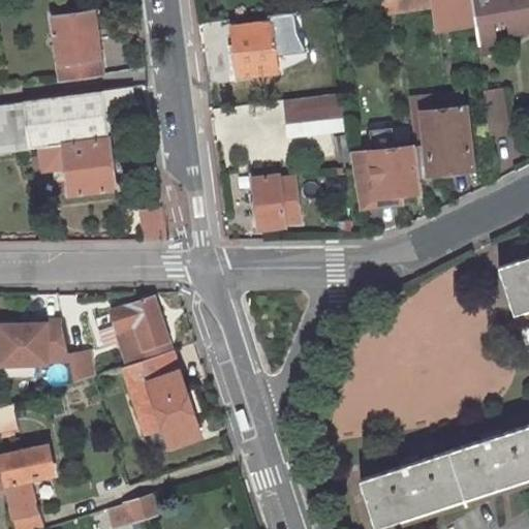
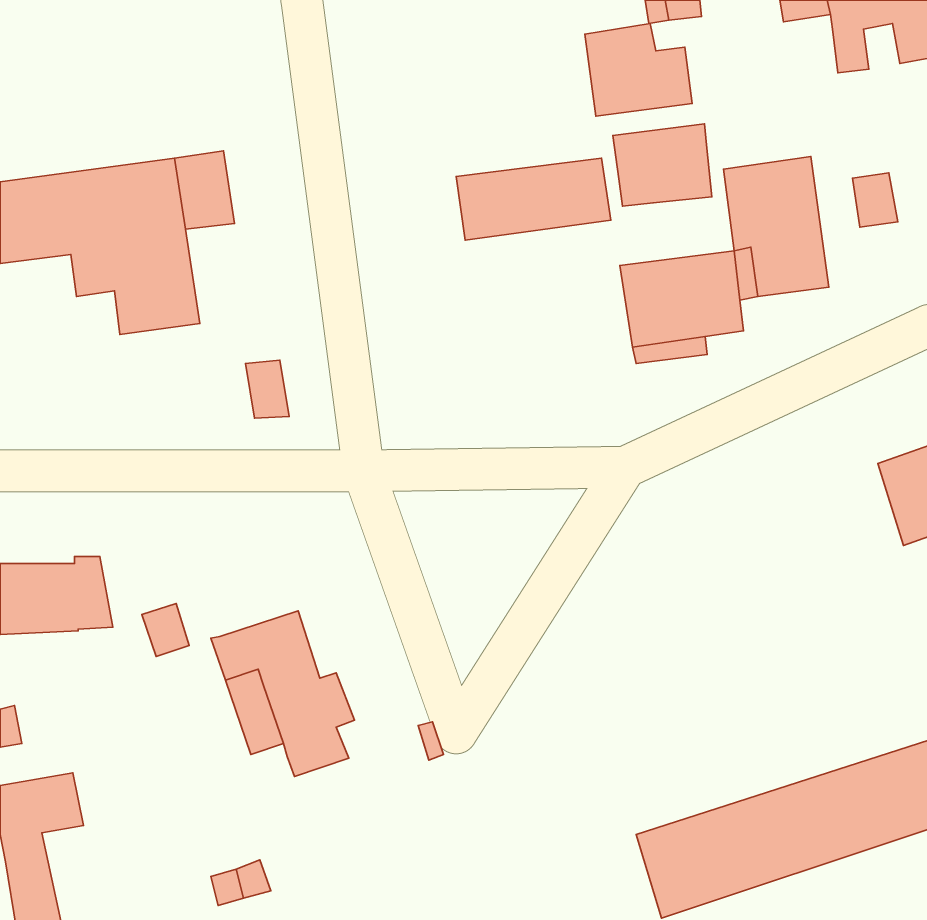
building: [53,15,103,84] -> none
building: [234,25,294,77] -> [585,23,692,116]
building: none -> [613,124,712,206]
building: [254,178,301,232] -> none
building: [108,302,170,367] -> none

